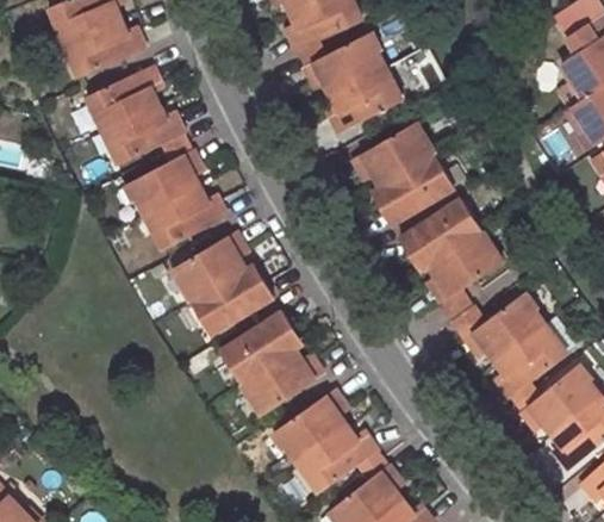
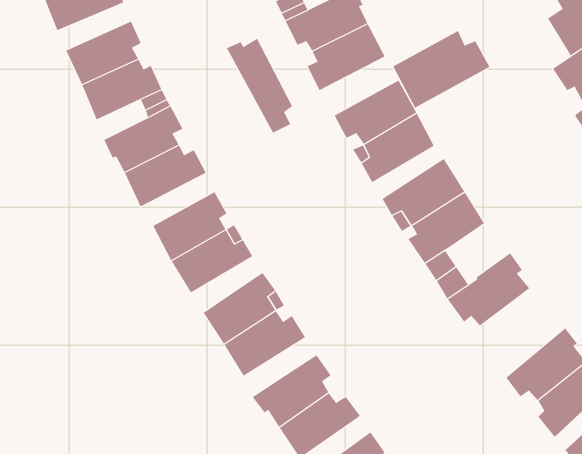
building: none -> [392,30,490,108]
building: none -> [226,38,293,134]
building: [493,325,565,398] -> none

